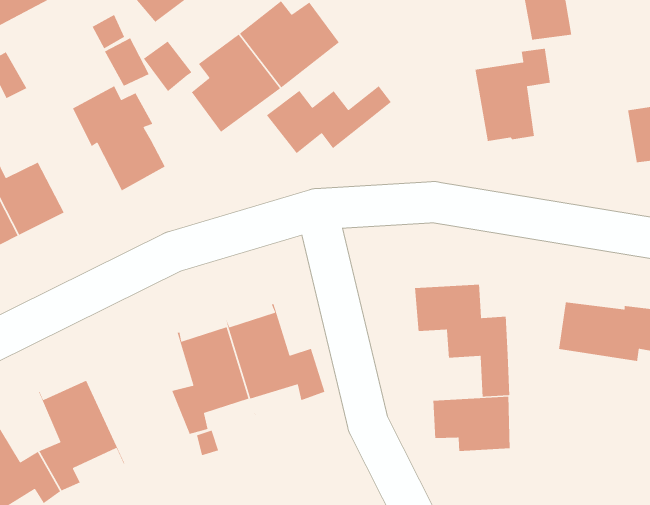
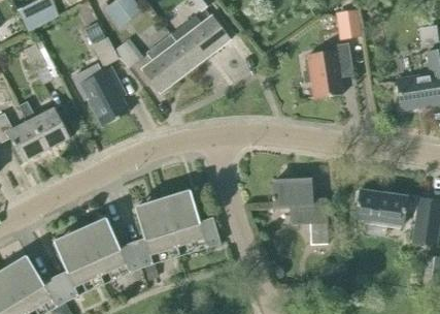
building: [266,85,392,154] -> none
building: none -> [78,218,140,283]
building: [432,396,510,452] -> none

